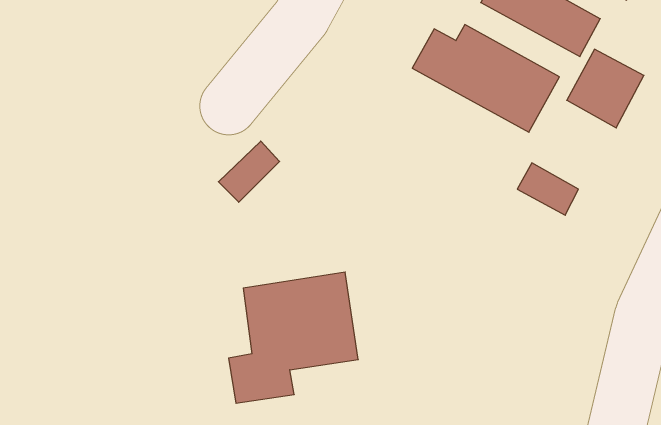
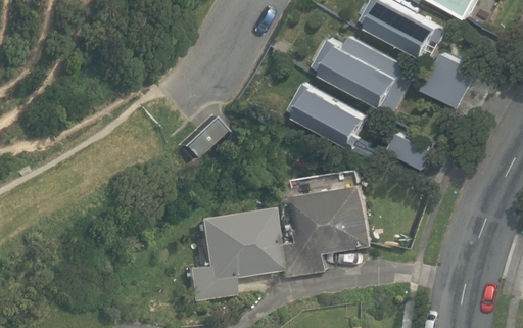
building: none -> [286,84,370,155]
building: none -> [278,185,369,277]

